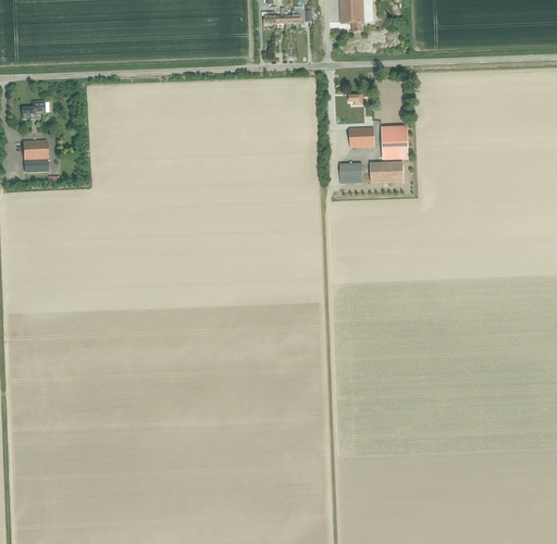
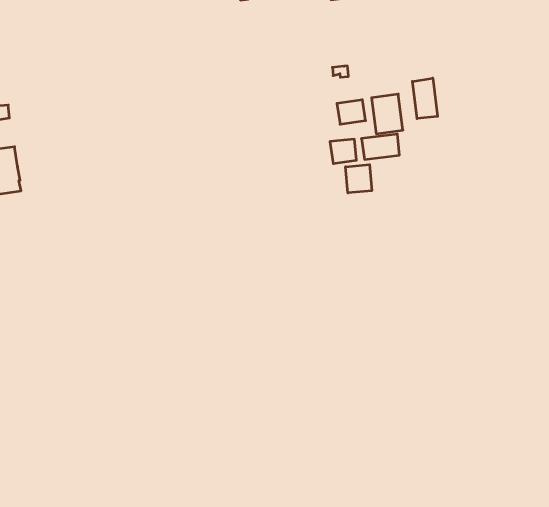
building: none -> [412,78,438,119]
building: none -> [346,165,372,193]

